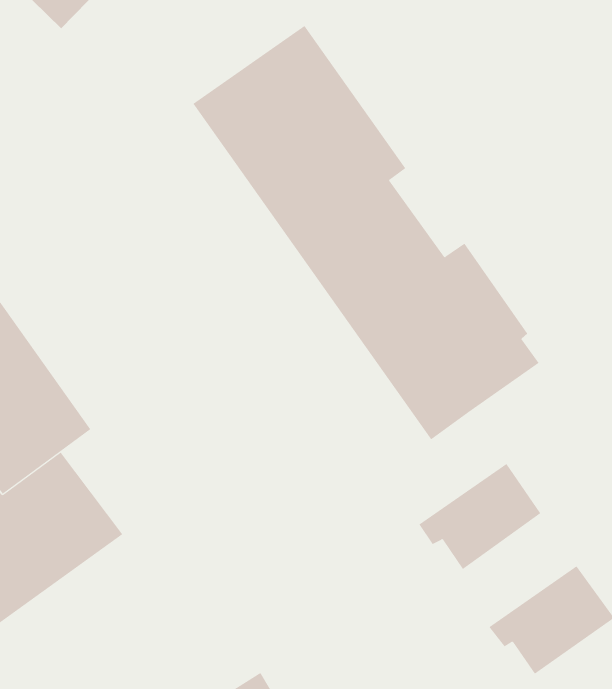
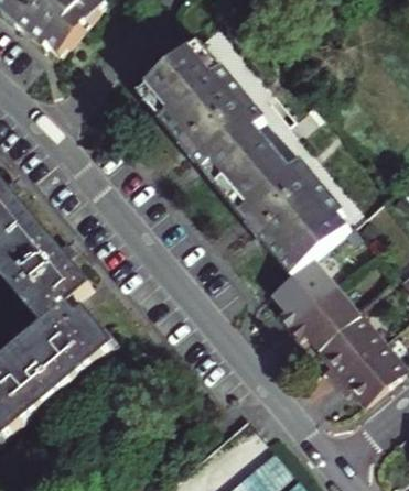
building: none -> [270,259,337,326]
building: none -> [316,314,383,382]

